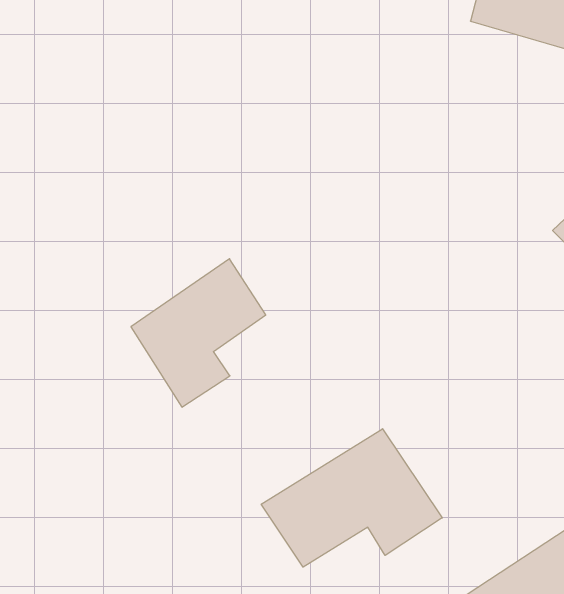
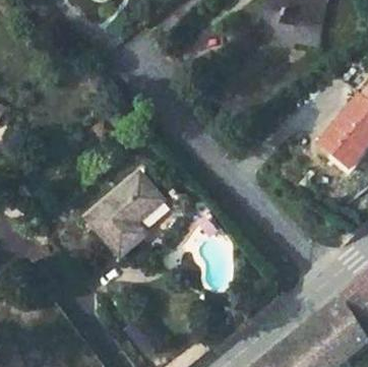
building: [261,429,442,567] -> none

